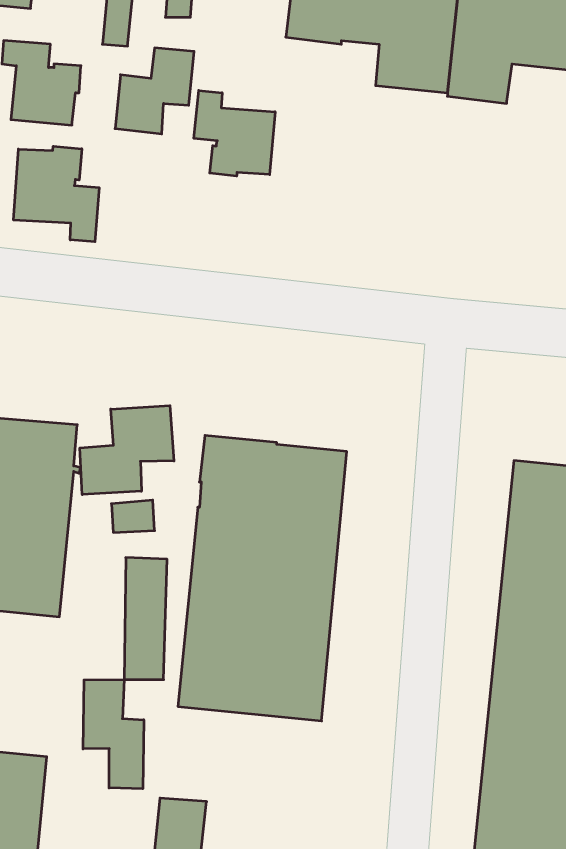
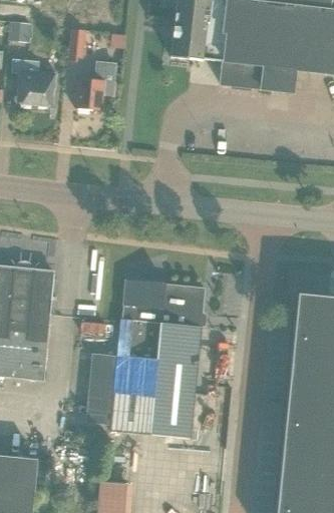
building: [194,90,275,176] -> none
building: [14,146,99,242] -> none
building: [80,406,174,495] -> none
building: [83,680,144,789] -> none

